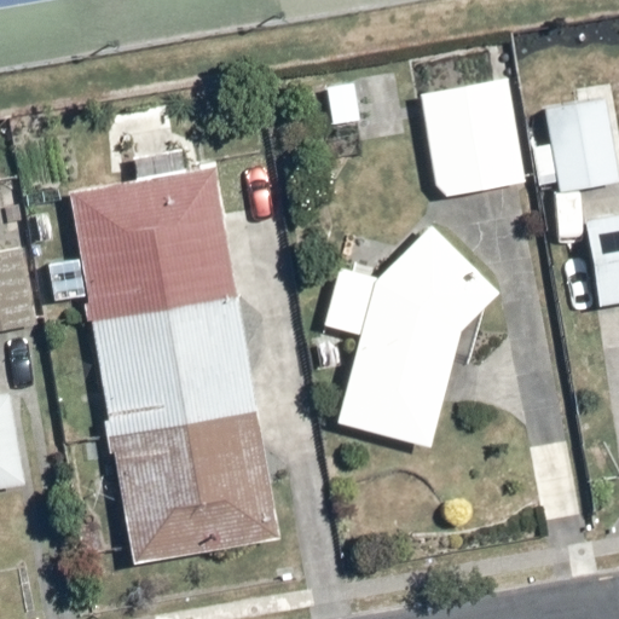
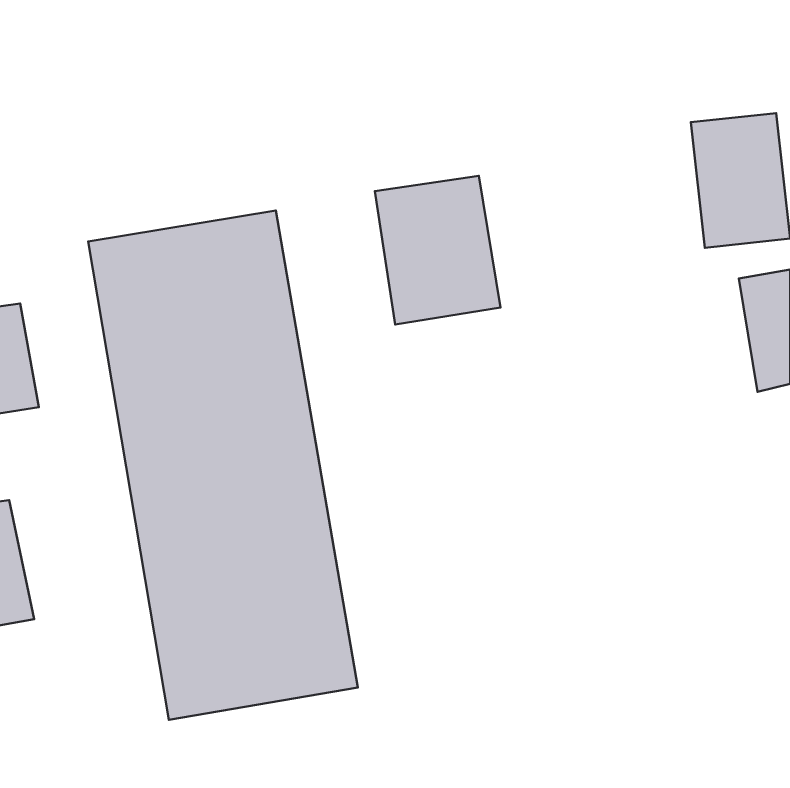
building: [421,80,519,196] -> [375,176,500,324]
building: [336,225,499,449] -> none

